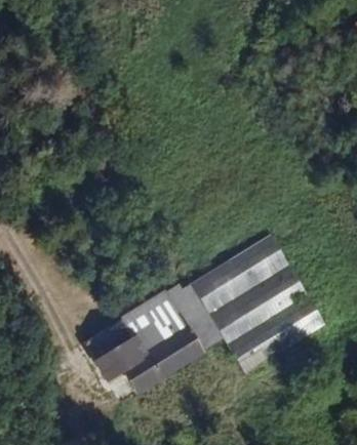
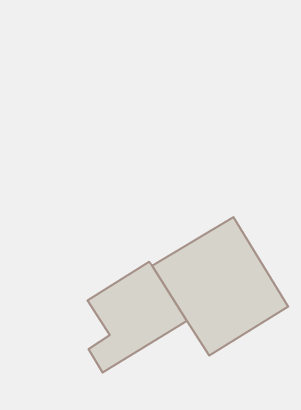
building: [85,319,145,378] -> none

